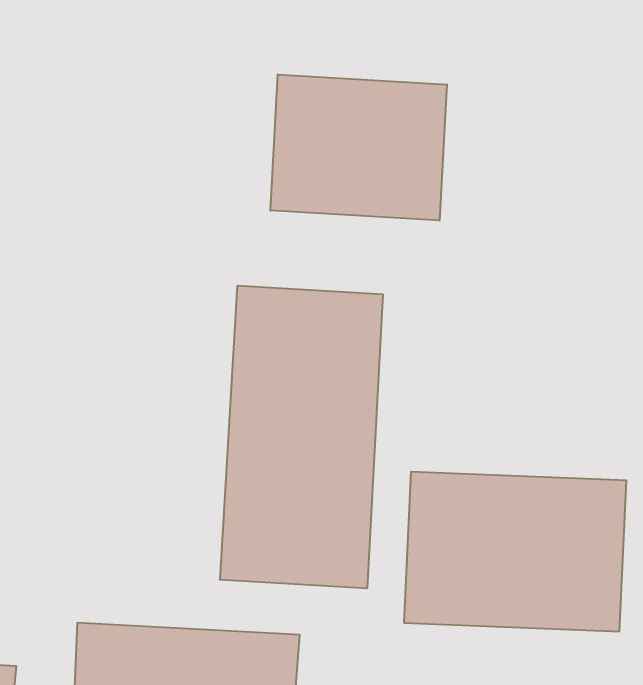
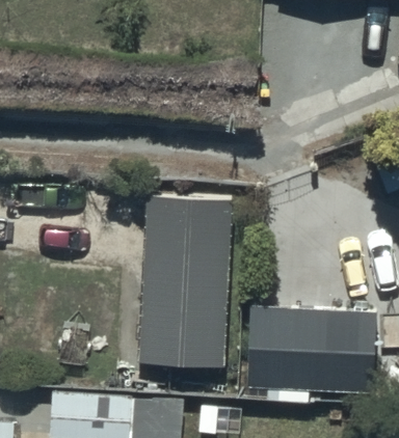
building: [270,74,447,221] -> none

